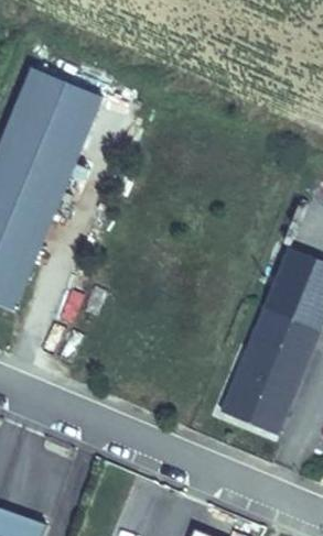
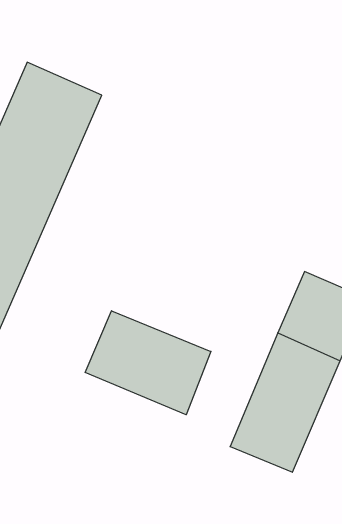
building: none -> [85,311,211,415]

